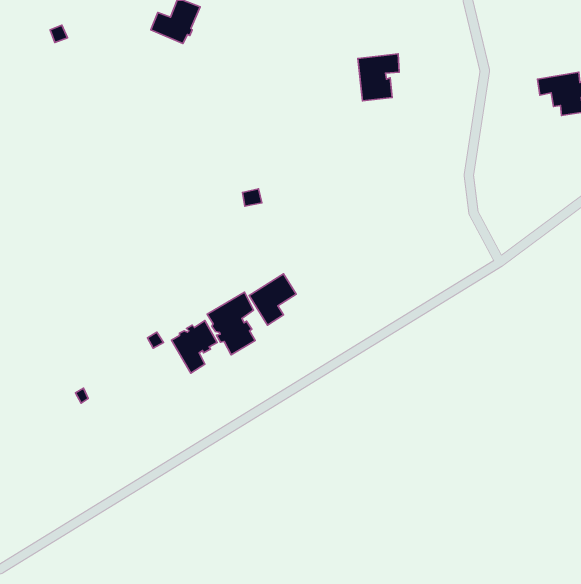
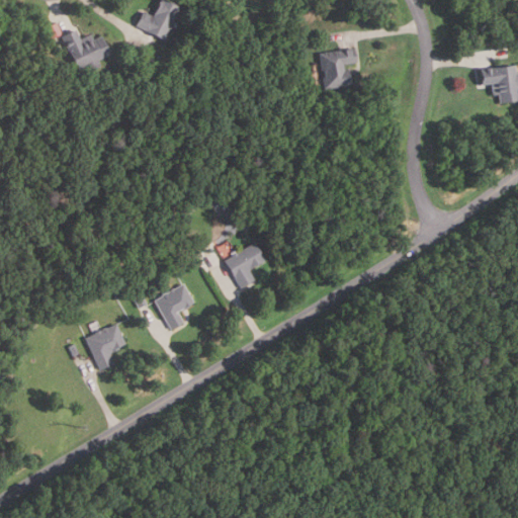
building: none -> [62,29,110,71]
building: [207,292,255,355] -> none
building: none -> [86,324,126,370]

